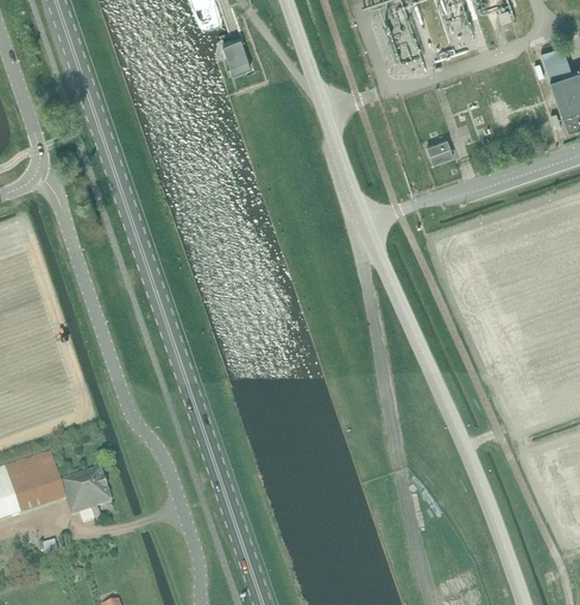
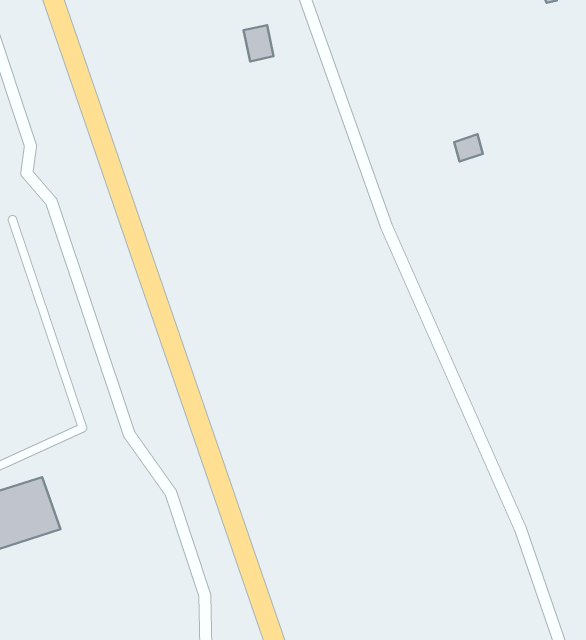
building: [59,467,109,522] -> none

